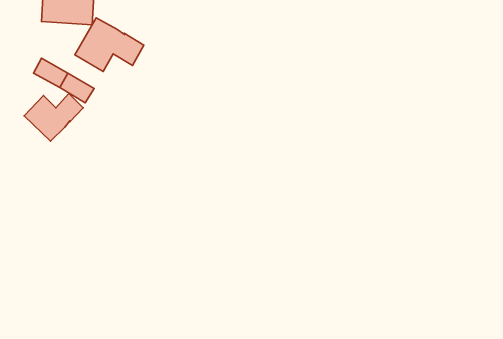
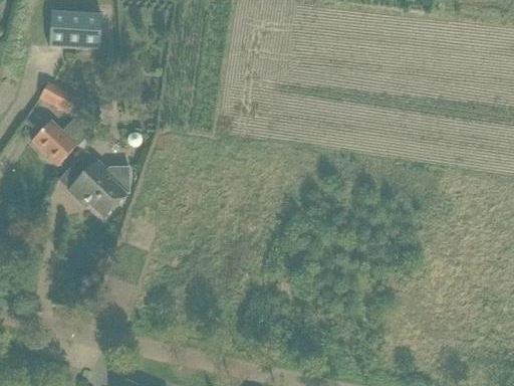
building: [75,18,144,71] -> none
building: none -> [67,160,128,218]

